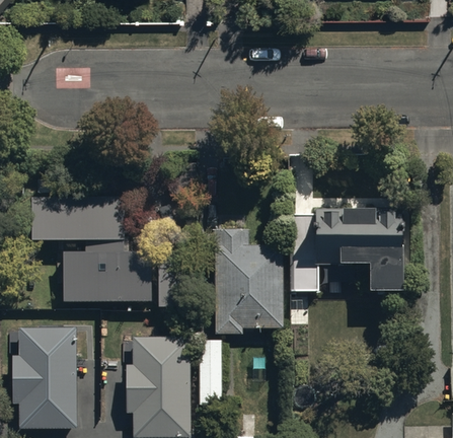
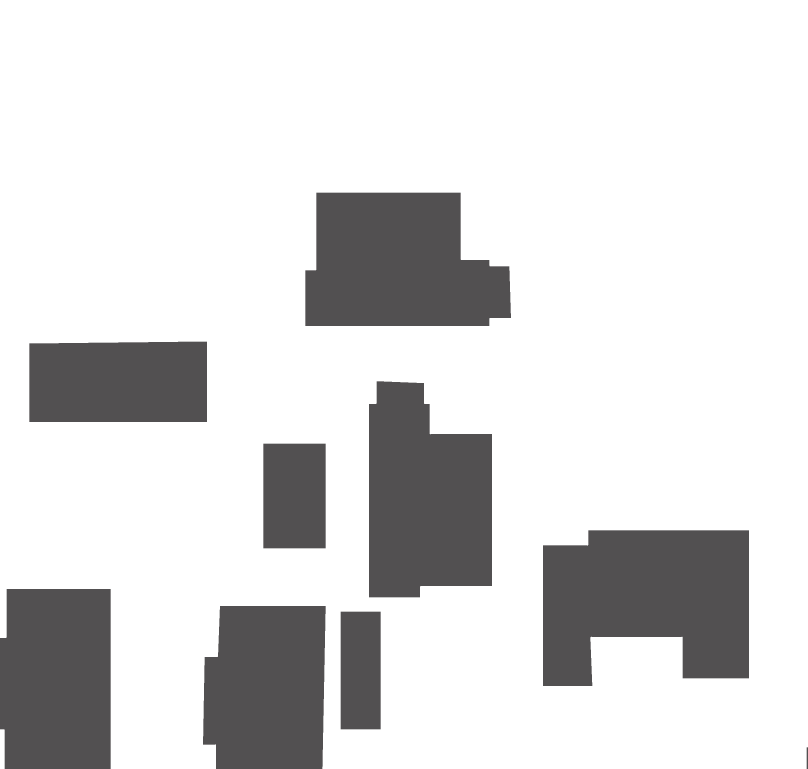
building: none -> [305,192,511,327]
building: [290,208,401,292] -> [542,530,750,686]
building: [65,241,150,301] -> none

